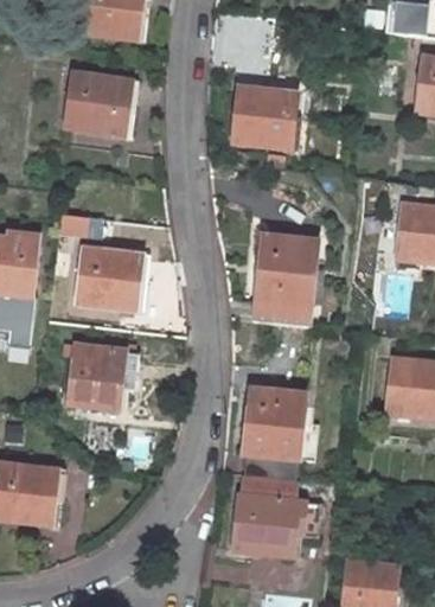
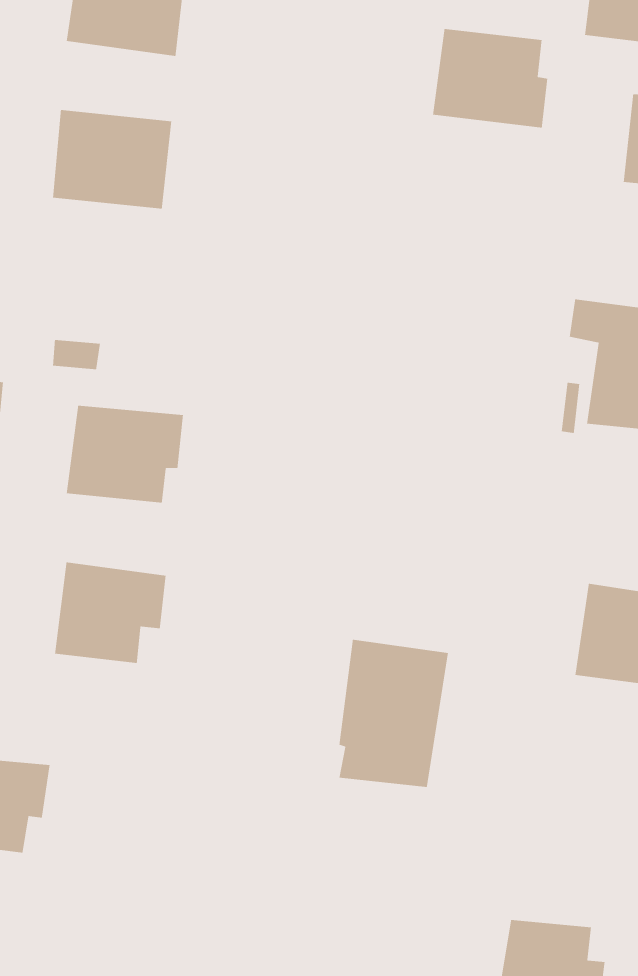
building: [230,89,301,151] -> [432,28,548,129]
building: [251,237,315,331] -> none
building: [231,478,306,557] -> none

